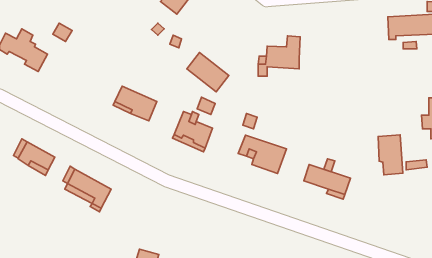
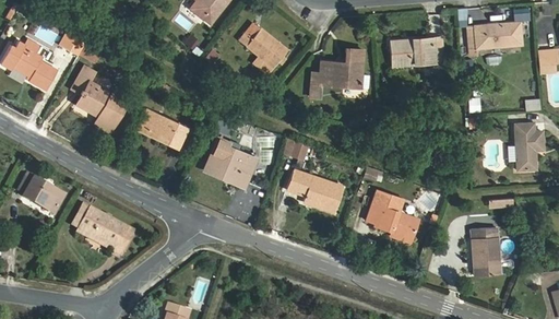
building: none -> [391,37,444,64]
building: none -> [73,67,126,131]
building: [187,53,229,92] -> [239,21,289,68]
building: [378,135,403,175] -> [471,228,500,276]

